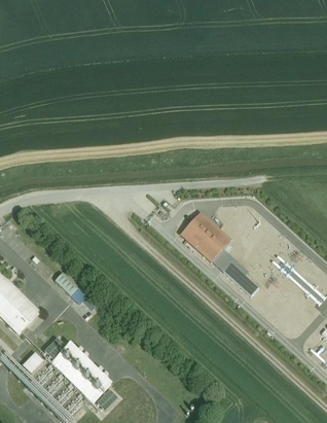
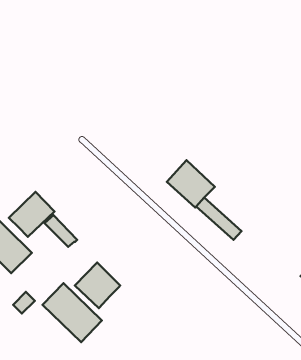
building: none -> [9,192,54,237]
building: none -> [75,263,120,308]

